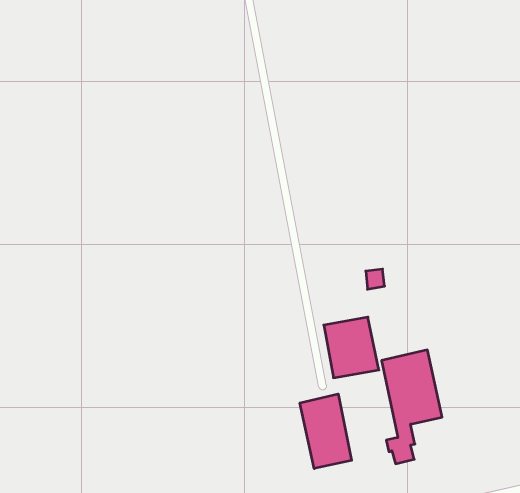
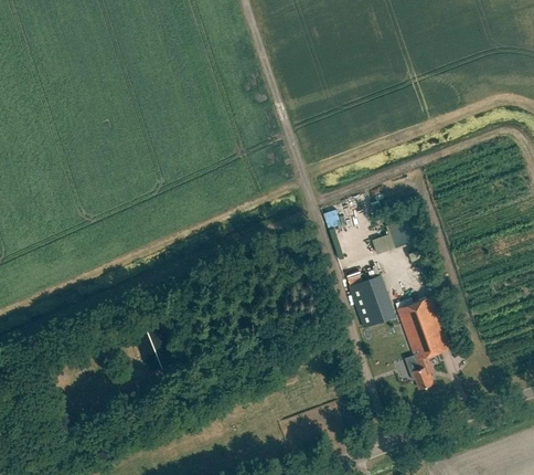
building: [300,394,352,469] -> none

